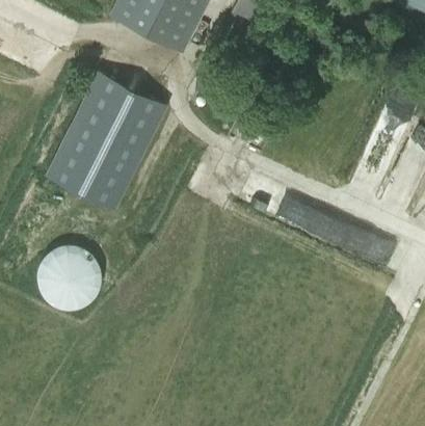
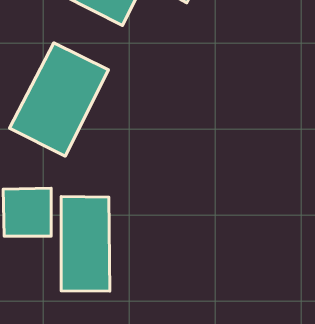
building: none -> [61,197,110,291]

